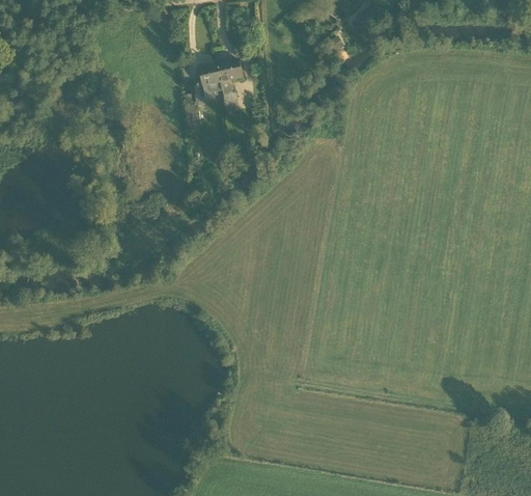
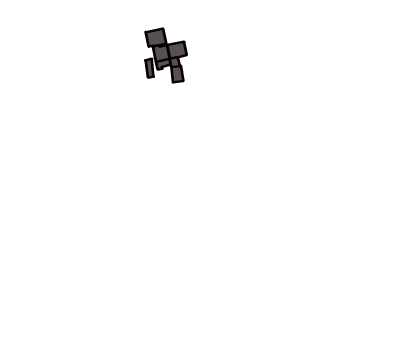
building: none -> [146,29,166,47]

